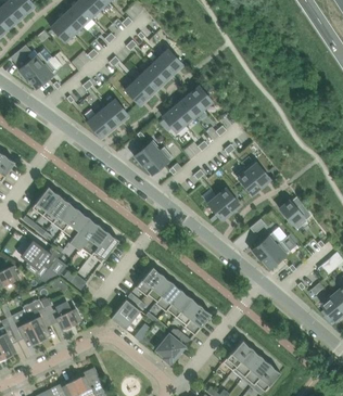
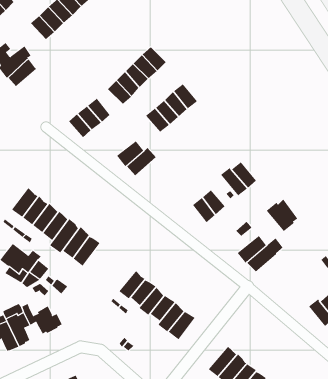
building: [111,298,140,330] -> none
building: [155,333,183,362] -> none

